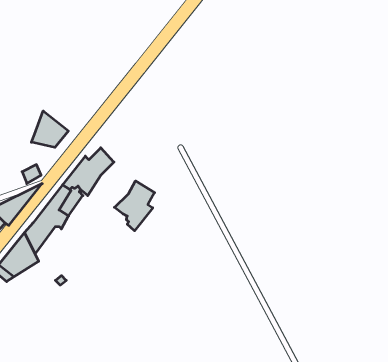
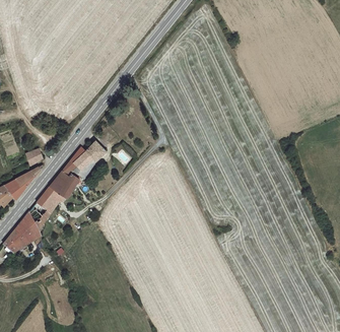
building: [31,111,68,147] -> none
building: [114,181,155,231] -> none

